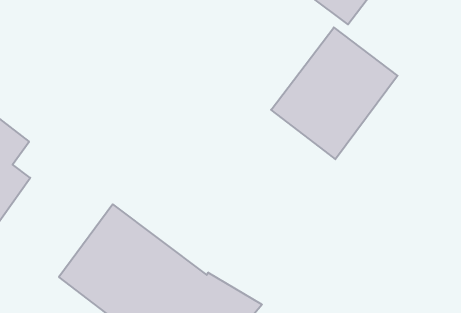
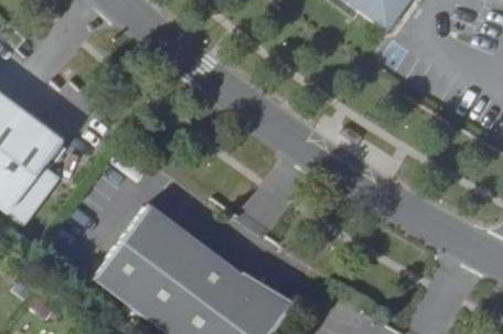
building: [271,27,398,159] -> none

